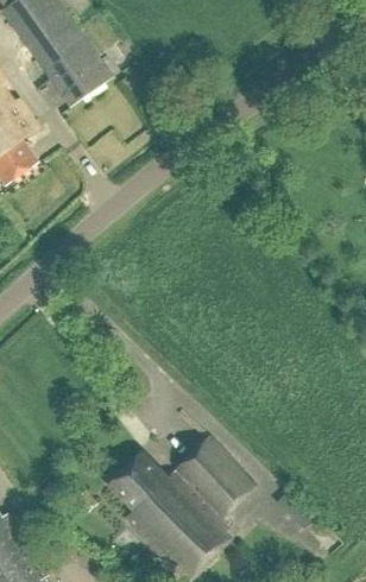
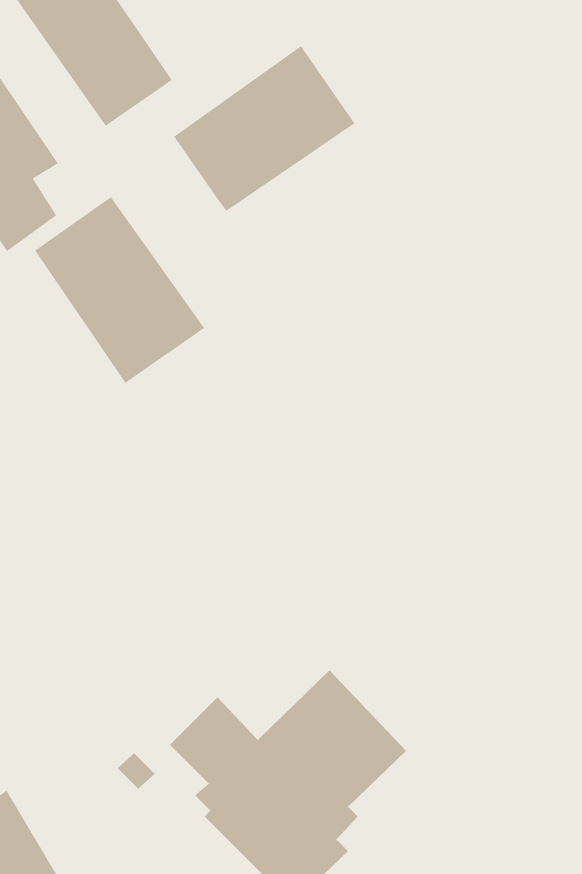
building: none -> [173,45,356,212]
building: none -> [34,196,205,384]

